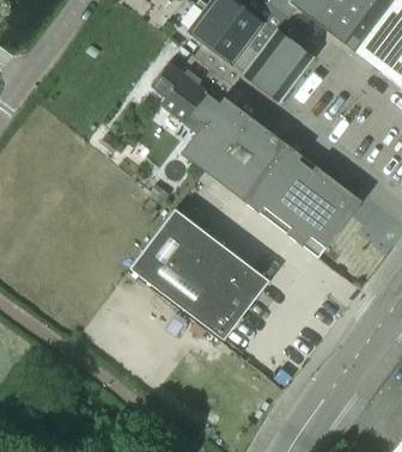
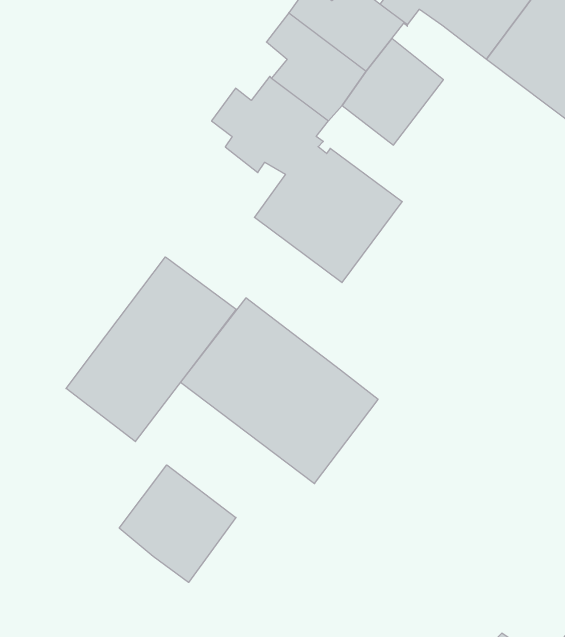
building: [243,142,361,257] -> none
building: none -> [66,257,236,442]
building: none -> [119,465,236,582]

